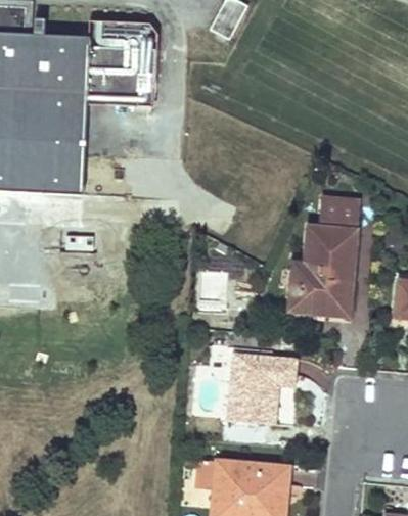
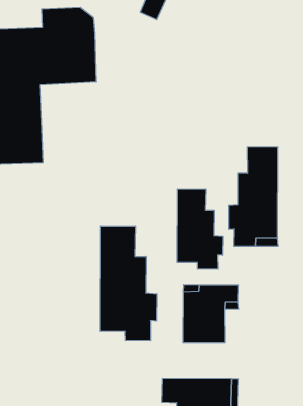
building: none -> [177,189,223,269]
building: none -> [100,226,157,341]

